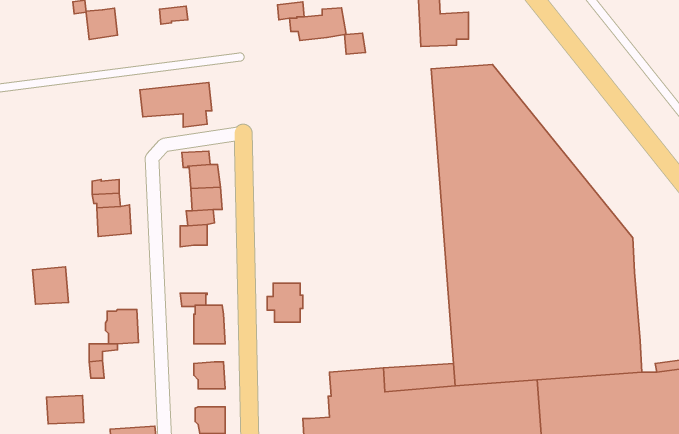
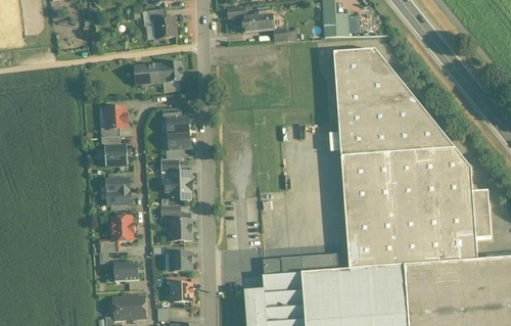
building: [86,8,118,40] -> [155,17,177,39]
building: none -> [106,107,128,129]
building: [33,267,68,304] -> [106,179,131,204]
building: none -> [472,190,491,238]
building: [267,283,303,322] -> [167,173,191,199]
building: [47,396,84,424] -> [113,262,139,281]

